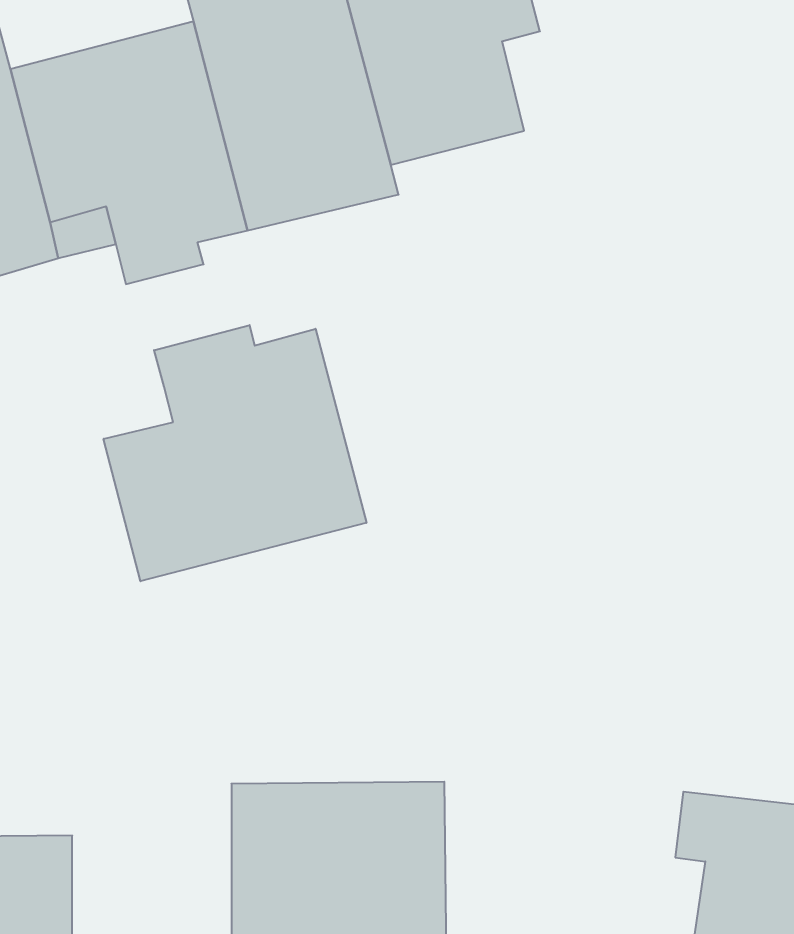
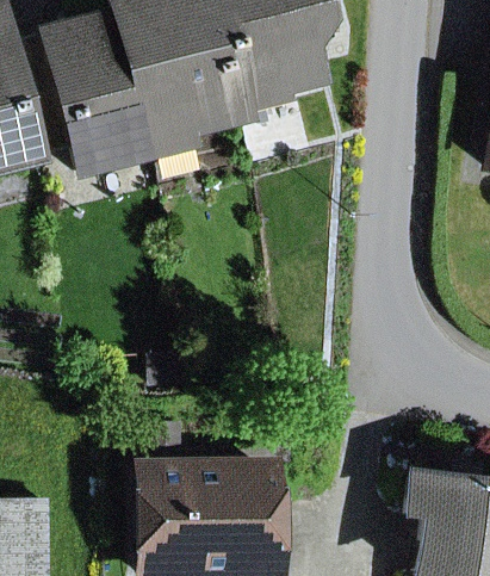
building: [104,325,366,581] -> none

